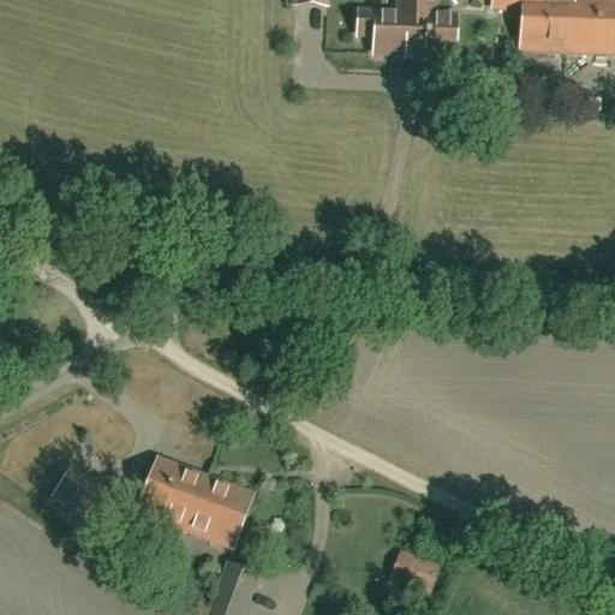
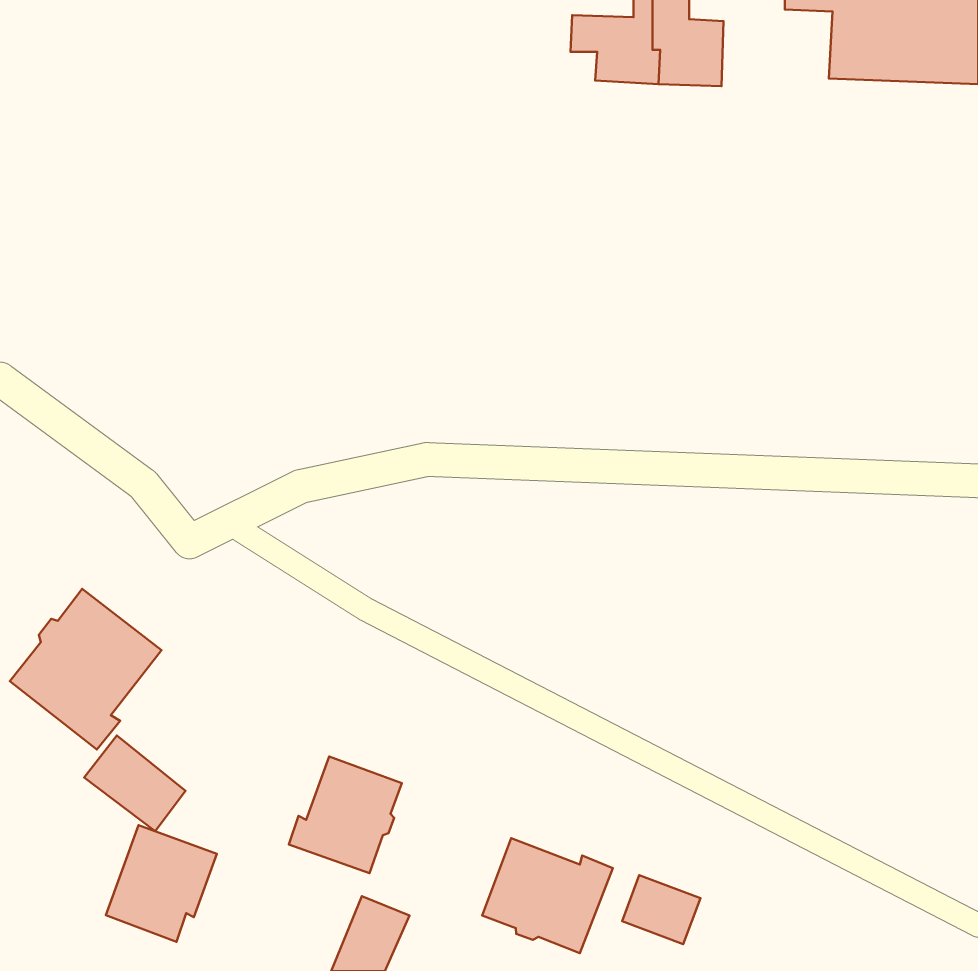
building: none -> [10,589,161,749]
building: [137,456,207,530] -> [106,825,217,942]
building: none -> [482,838,613,953]

